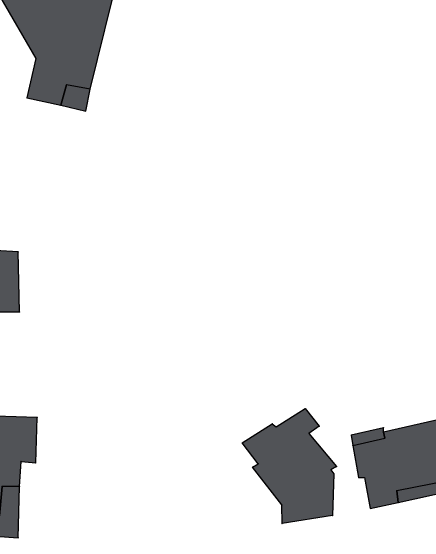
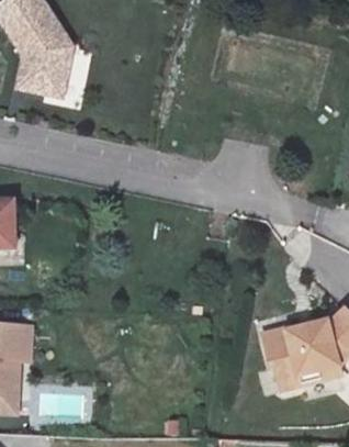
building: [242,409,337,524] -> none

